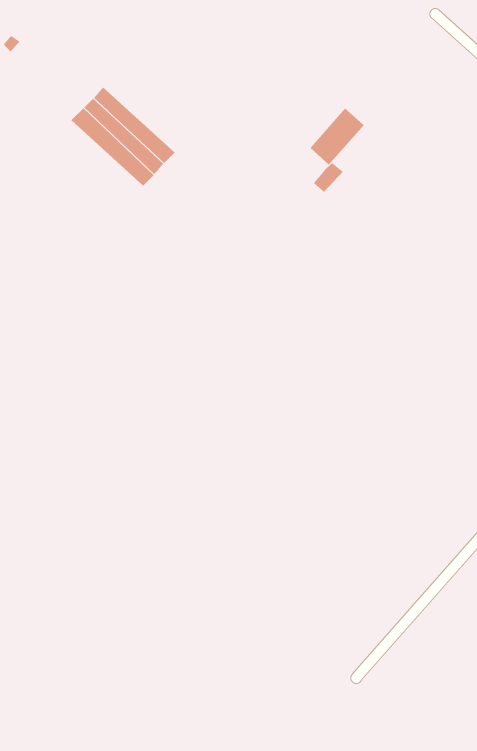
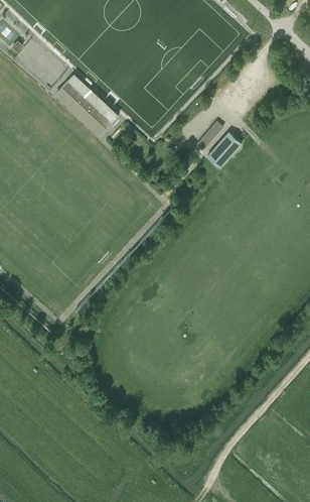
building: [309,107,364,165] -> [205,132,240,168]

